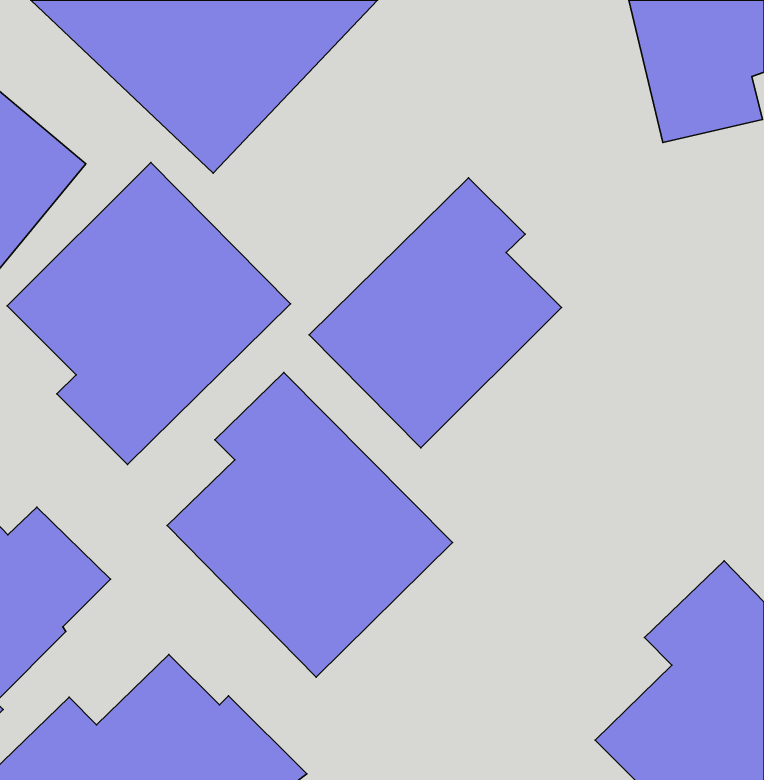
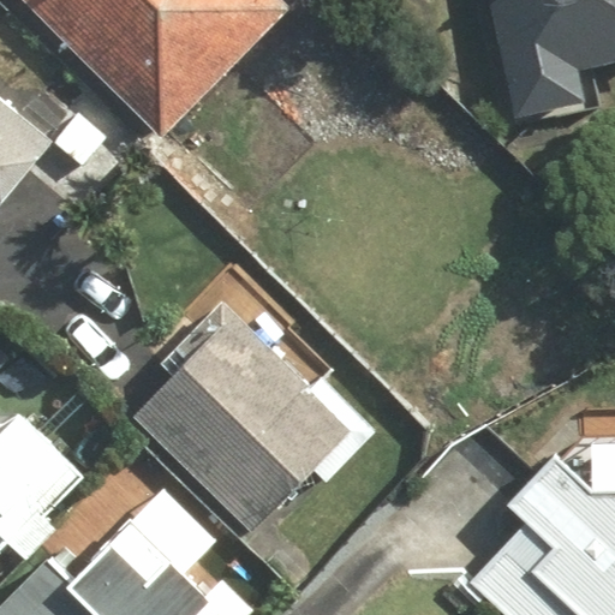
building: [7,162,291,464] -> none
building: [309,178,562,448] -> none

